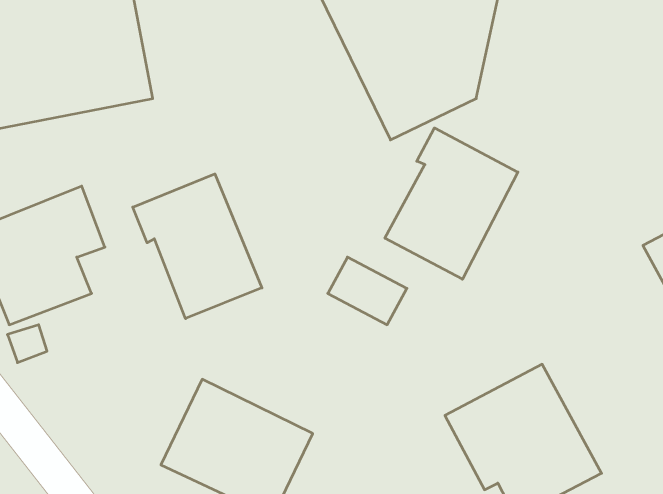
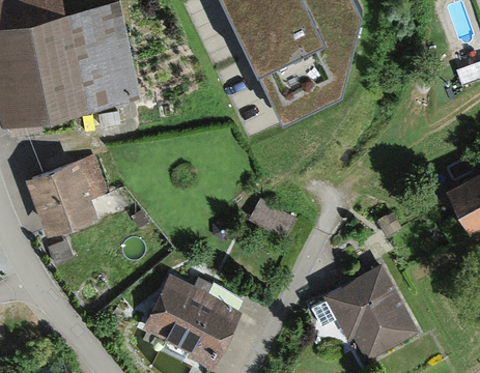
building: [385,128,518,279] -> none
building: [133,174,262,319] -> none

